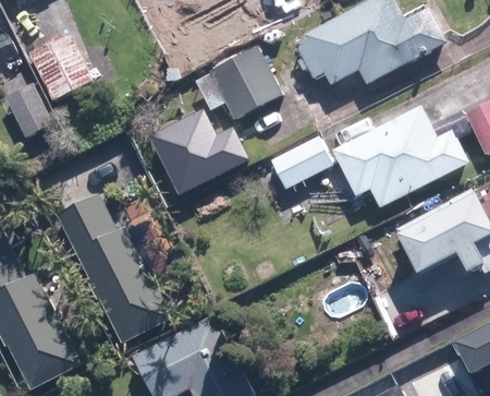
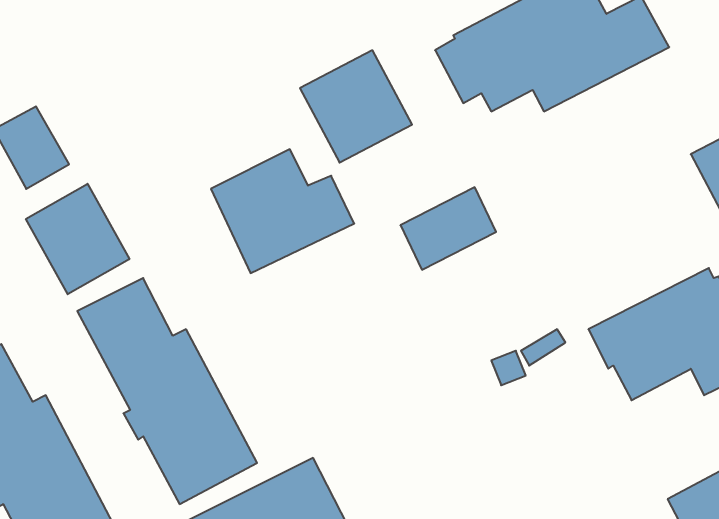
building: [27,32,93,98] -> none
building: [332,106,471,209] -> none
building: none -> [26,184,129,294]

